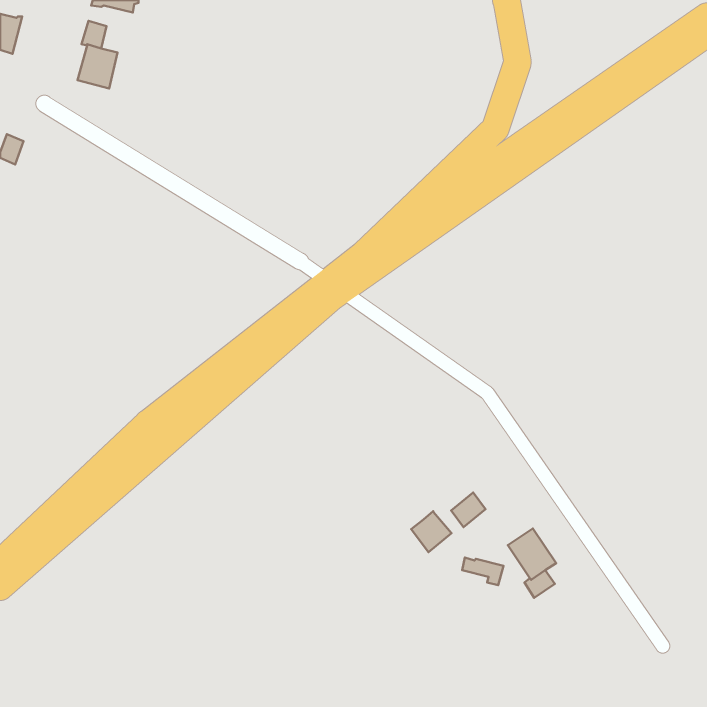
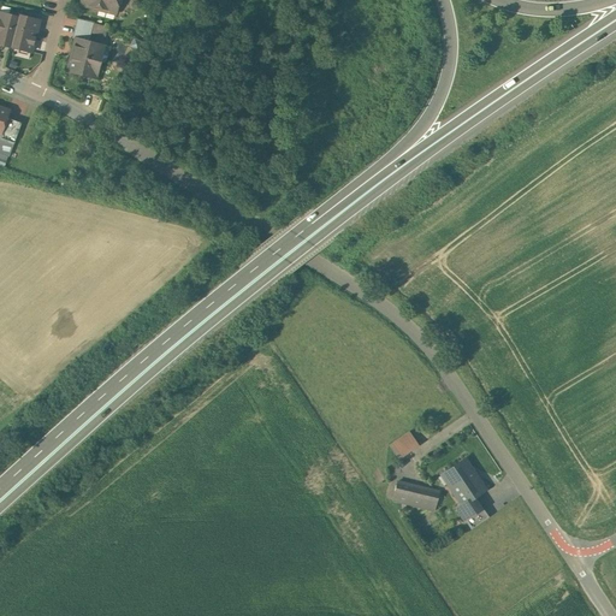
building: none -> [11,14,38,52]
building: [411,511,452,552] -> none

